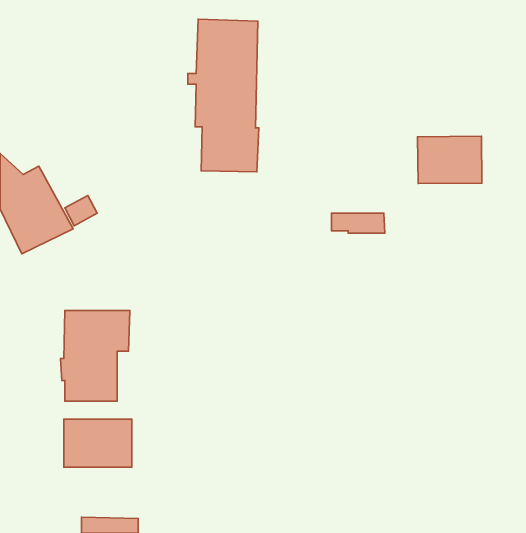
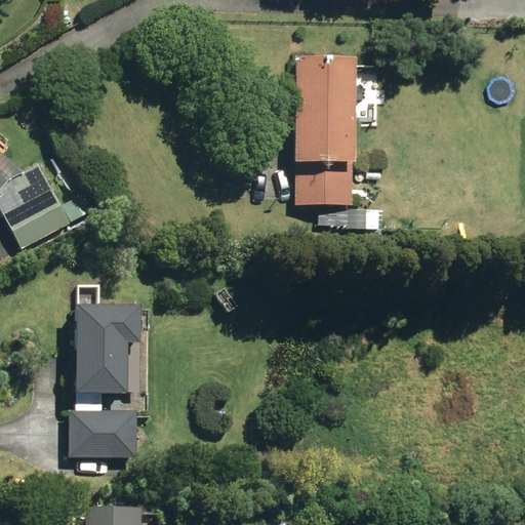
building: [188,19,259,172] -> [284,56,354,206]
building: [418,136,482,184] -> none

